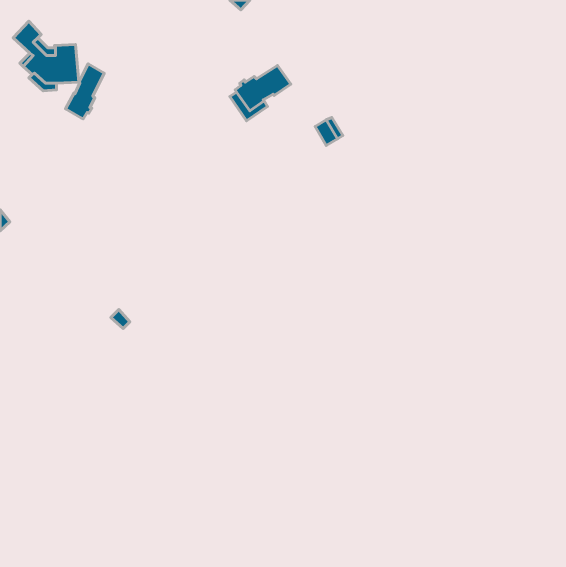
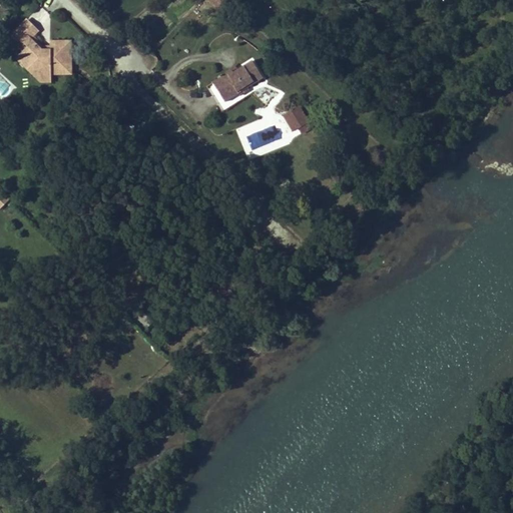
building: [65,64,104,119] -> none

